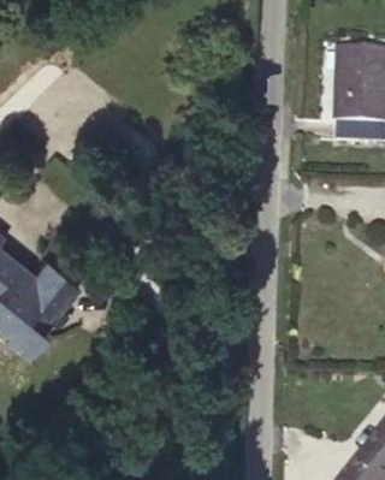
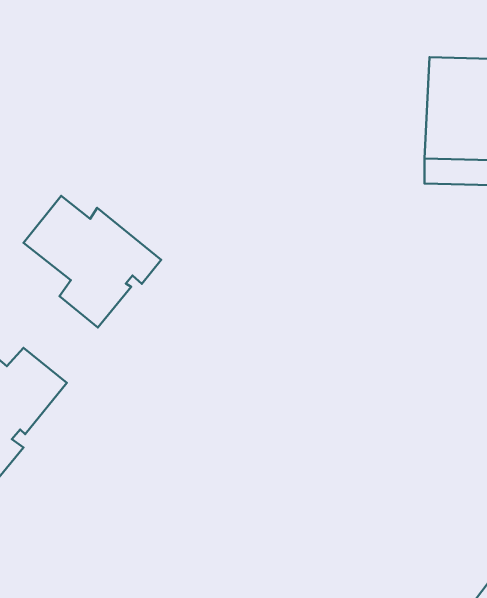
building: none -> [24,196,161,327]

